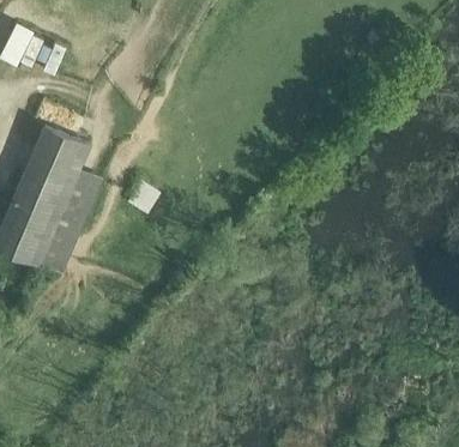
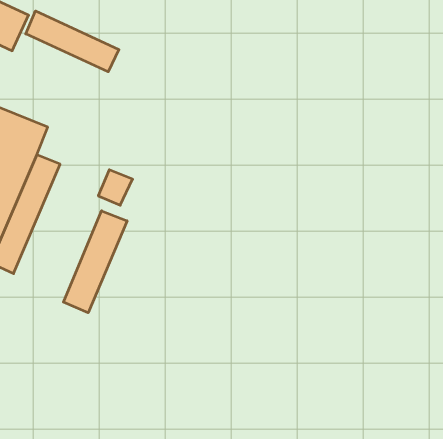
building: none -> [26,11,119,72]
building: none -> [63,211,127,313]

